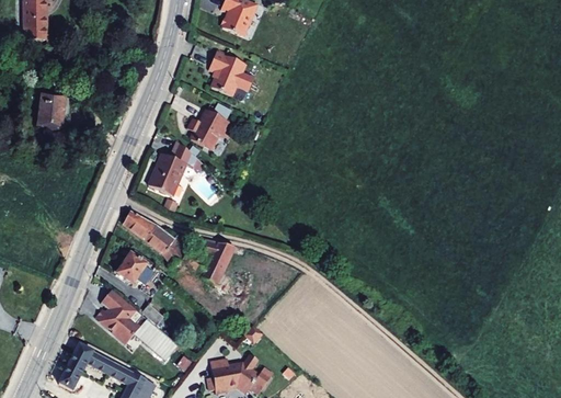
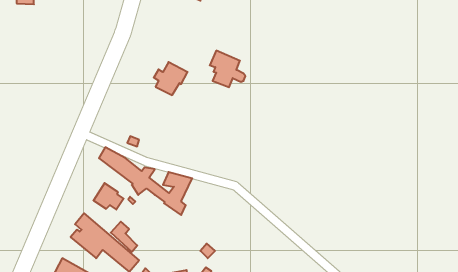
building: [210,50,253,94] -> [210,51,245,87]
building: [37,92,65,128] -> none
building: [149,139,204,193] -> none

